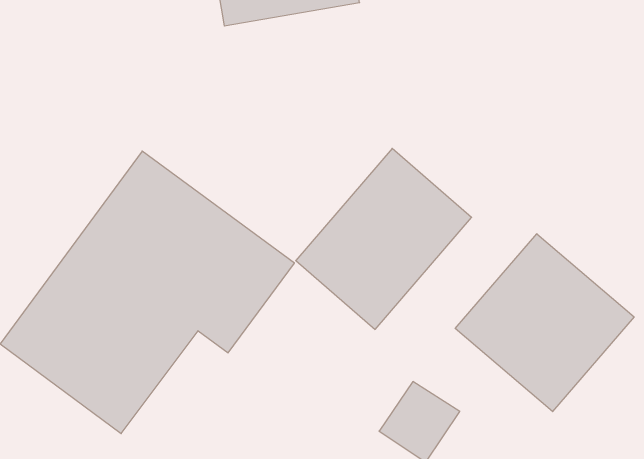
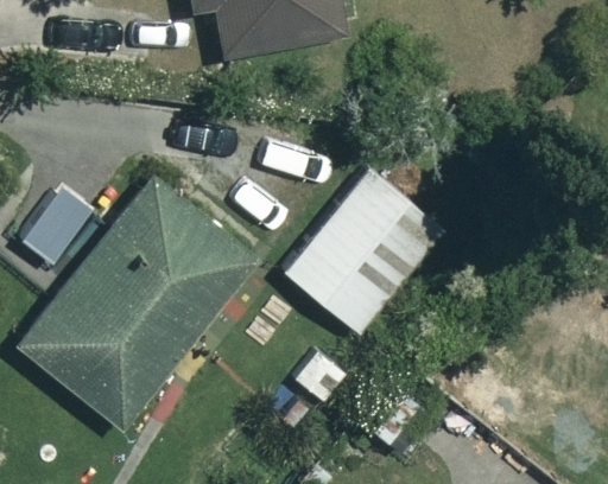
building: [455,234,634,412] -> none

